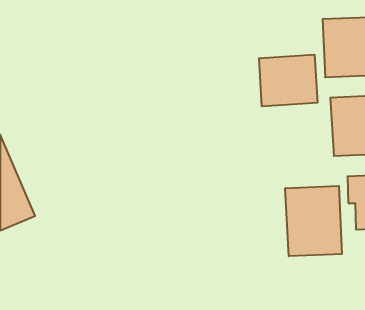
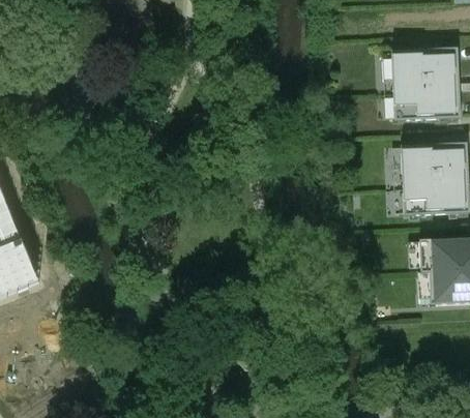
building: [259,55,317,106] -> none
building: [285,186,342,256] -> none

